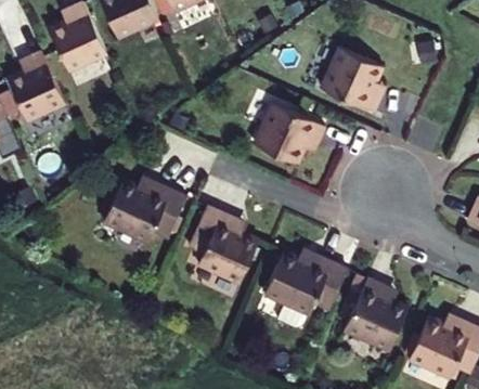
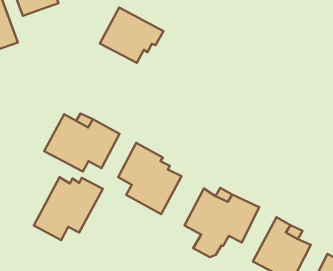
building: [319,47,380,112] -> none
building: [253,103,323,164] -> [100,8,163,63]
building: none -> [34,177,103,240]

